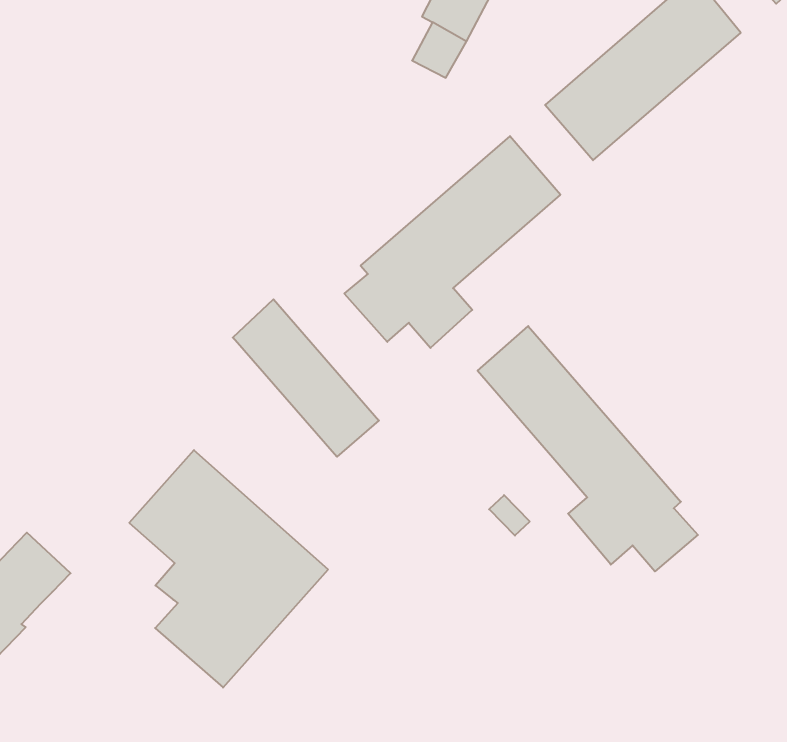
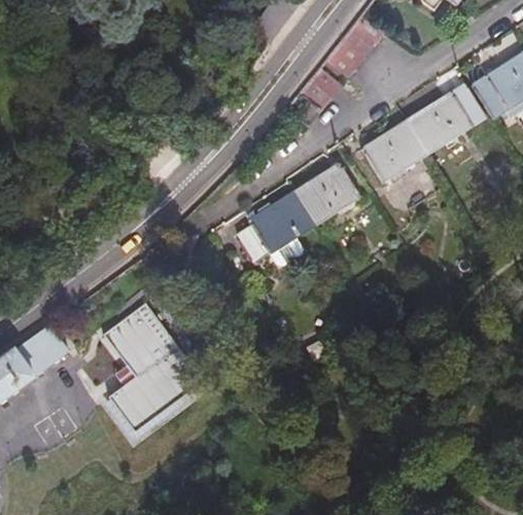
building: [233,299,379,457] -> none
building: [478,326,698,571] -> none

